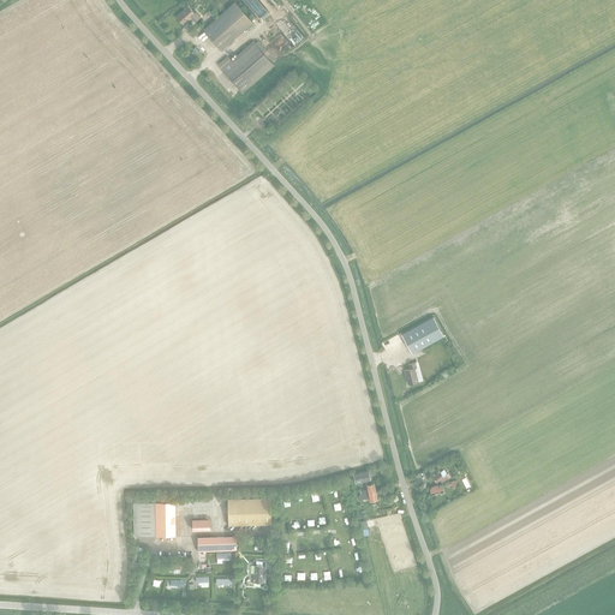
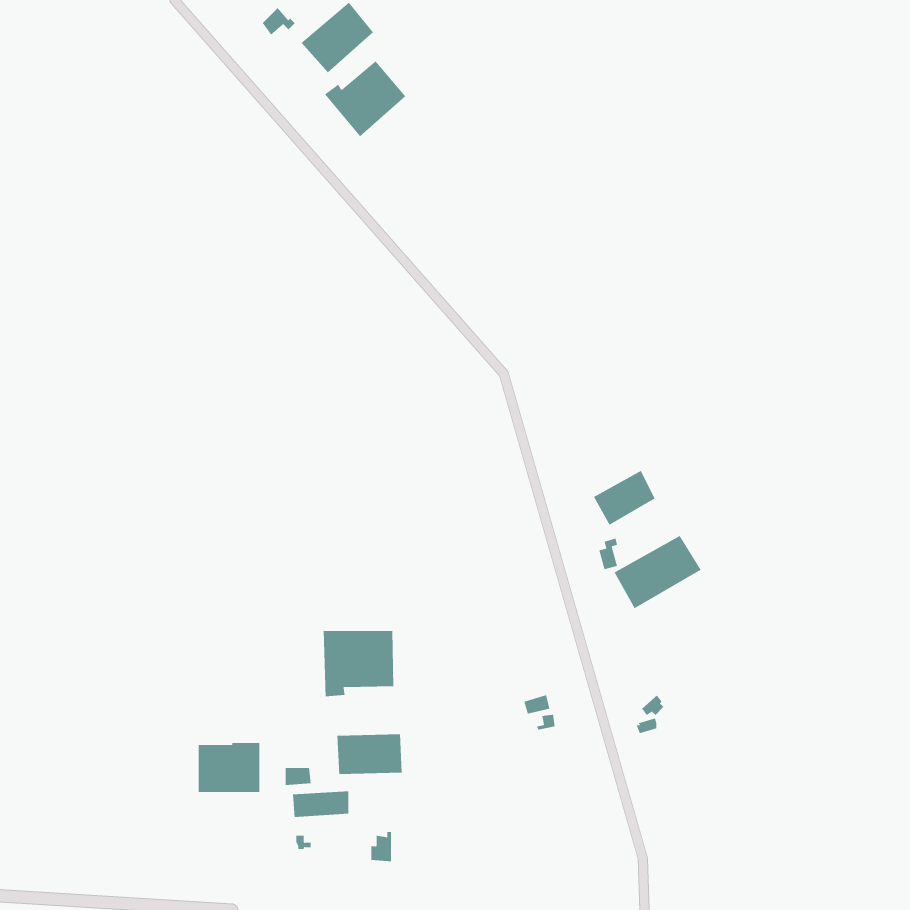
building: none -> [614,535,702,609]
building: none -> [323,630,394,697]

